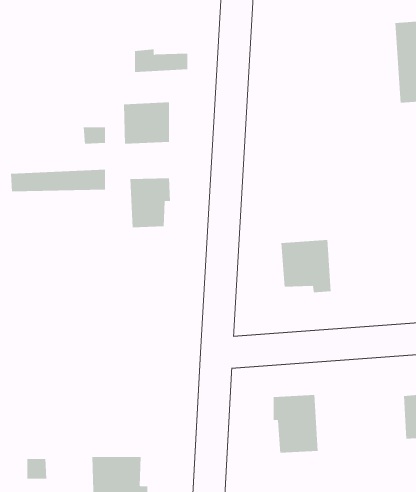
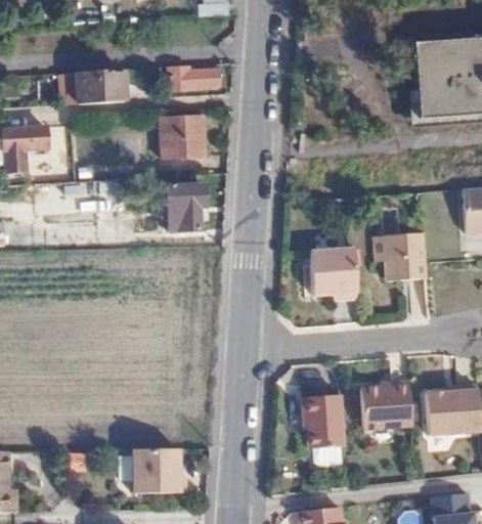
building: none -> [62,72,126,105]
building: none -> [374,230,427,279]
building: none -> [365,382,412,429]

